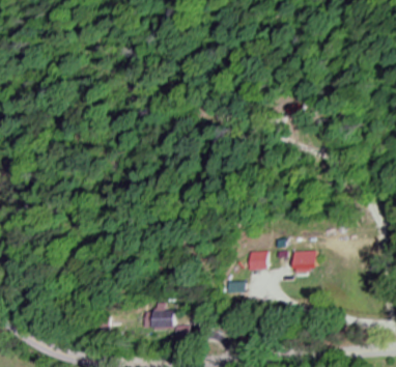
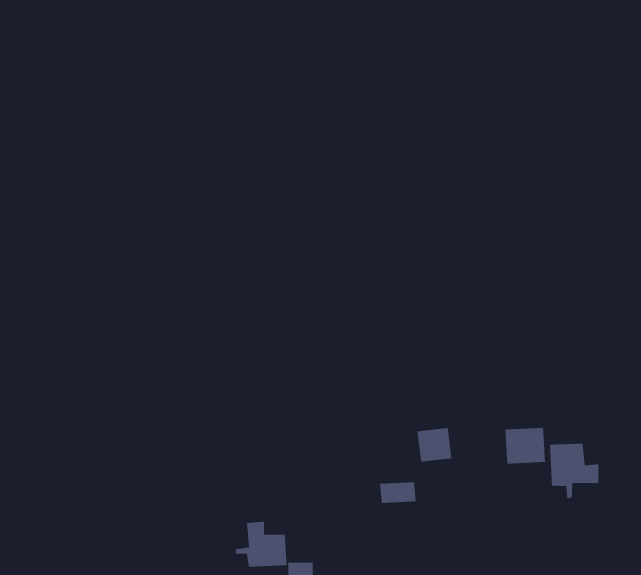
building: none -> [549,443,599,499]

